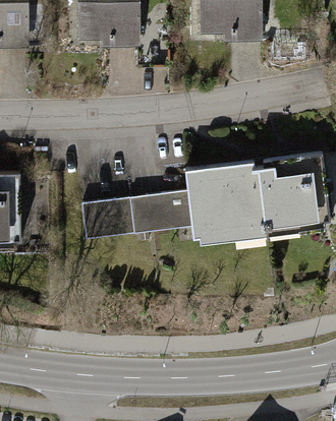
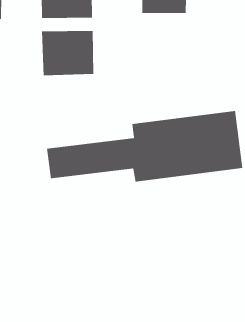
building: none -> [42,30,94,76]

